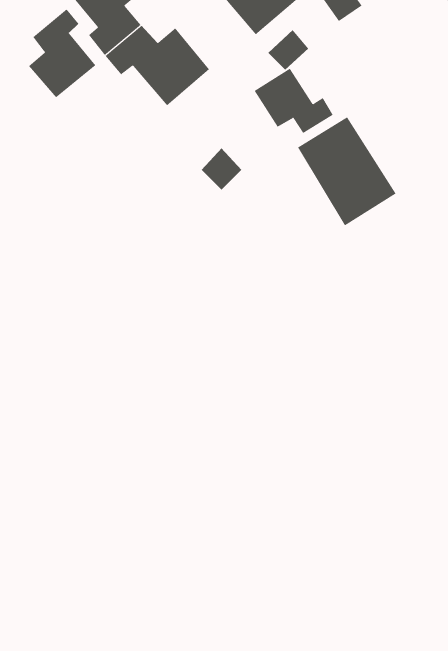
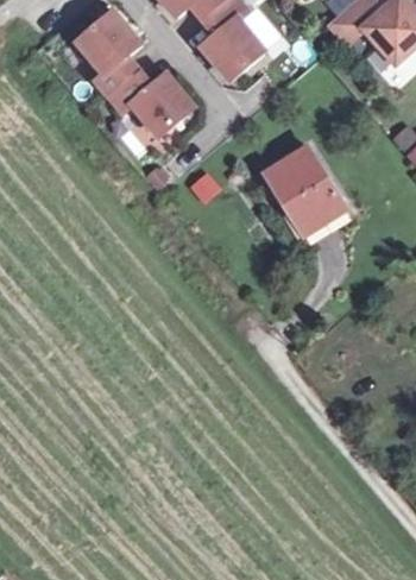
building: [28,8,96,98] -> none
building: [254,68,333,134] -> none

